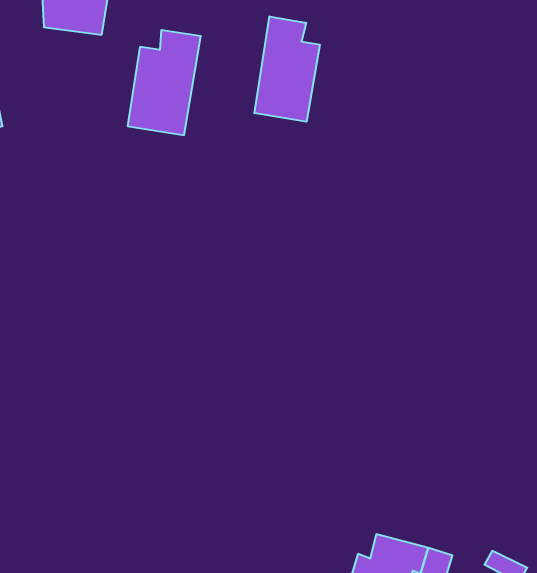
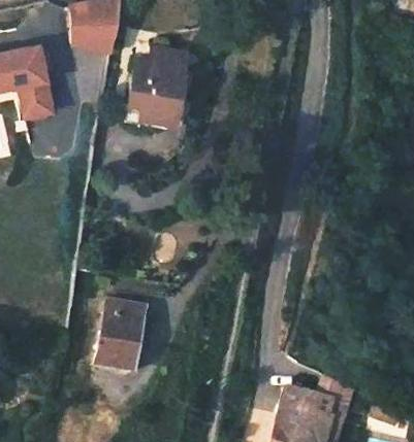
building: [254,16,320,122] -> none
building: none -> [96,303,147,378]

